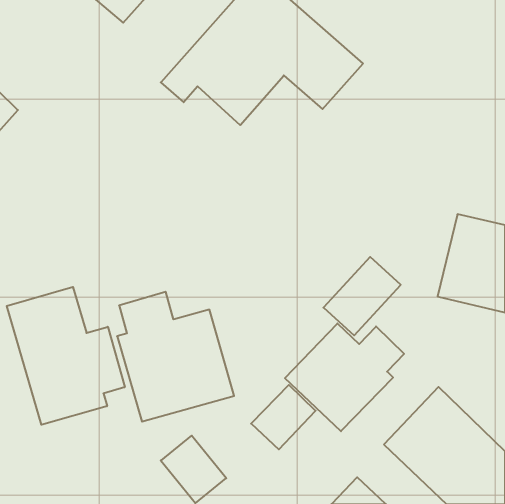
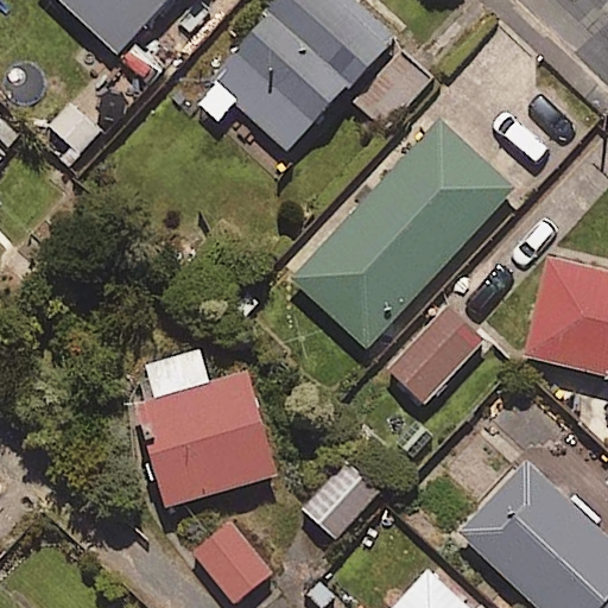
building: none -> [292,121,512,347]
building: [7,287,125,425] -> none
building: [285,323,404,431] -> none

